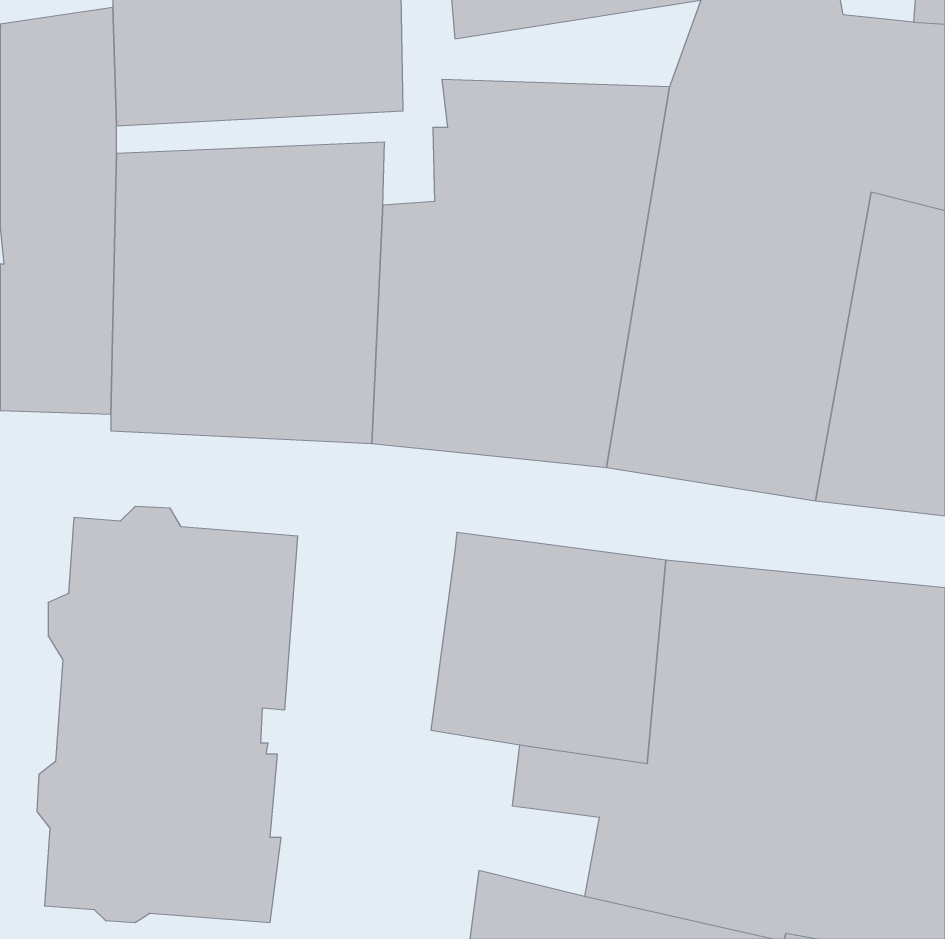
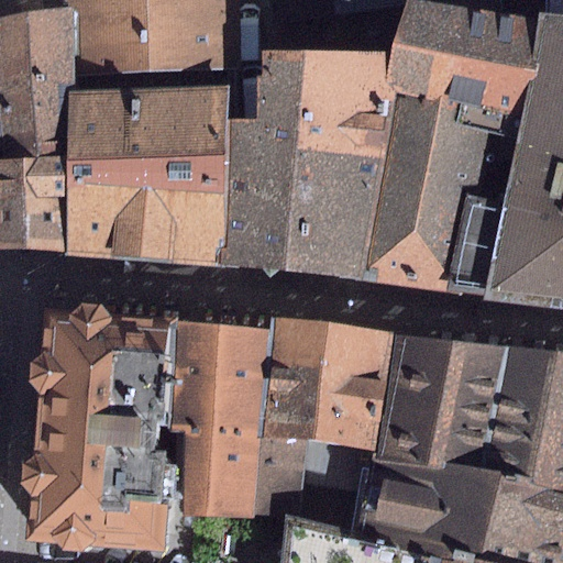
building: none -> [169,319,309,515]

